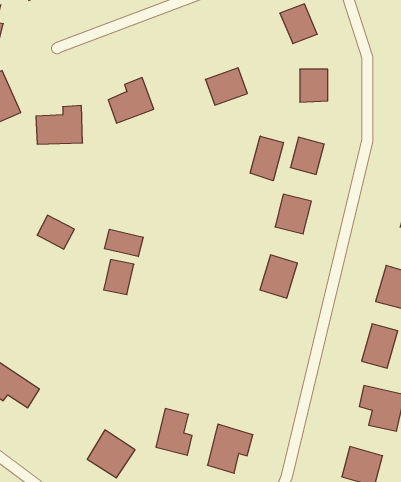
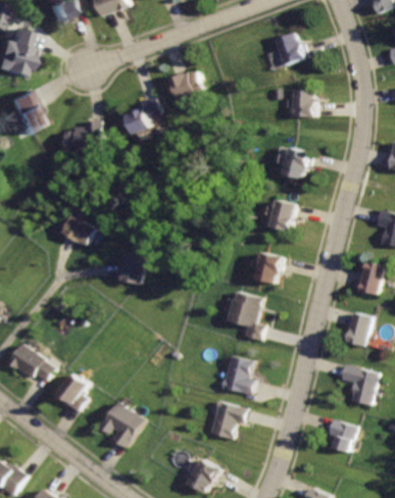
building: [205,68,247,105] -> [164,69,201,102]
building: [250,136,283,181] -> none
building: [105,229,143,257] -> none
building: none -> [226,292,263,343]
building: none -> [57,374,92,415]
building: [156,409,192,455] -> [221,356,253,397]

